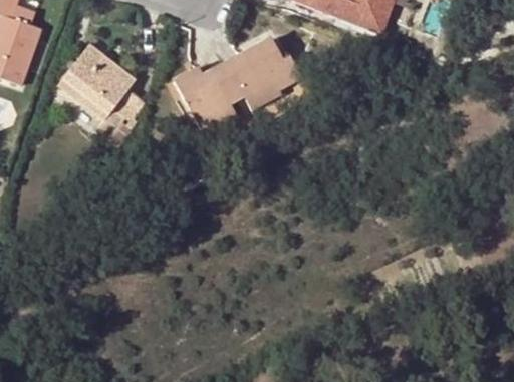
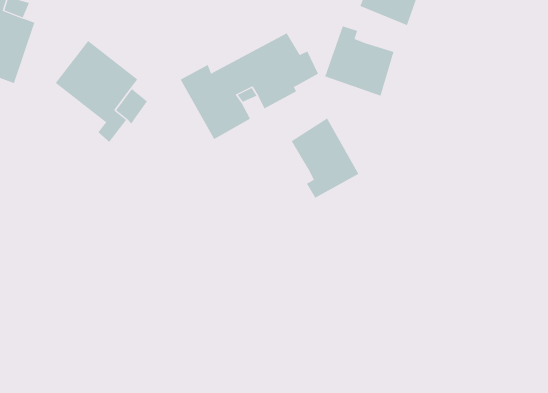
building: none -> [325,26,394,96]
building: none -> [291,117,359,199]

